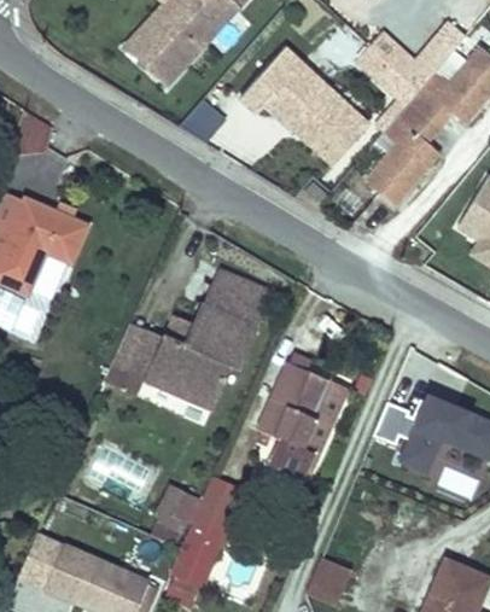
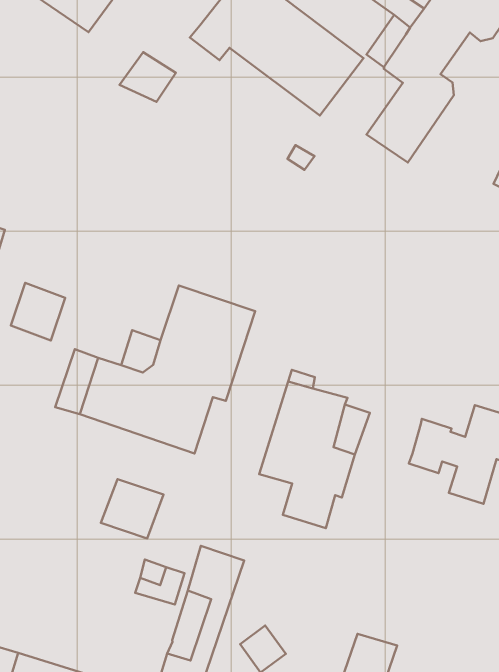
building: none -> [11,283,65,340]
building: none -> [101,479,164,538]

